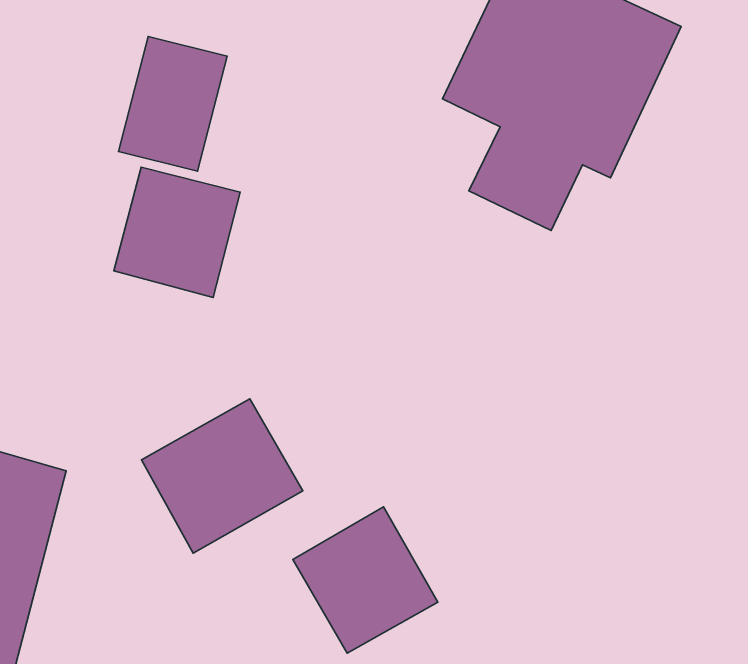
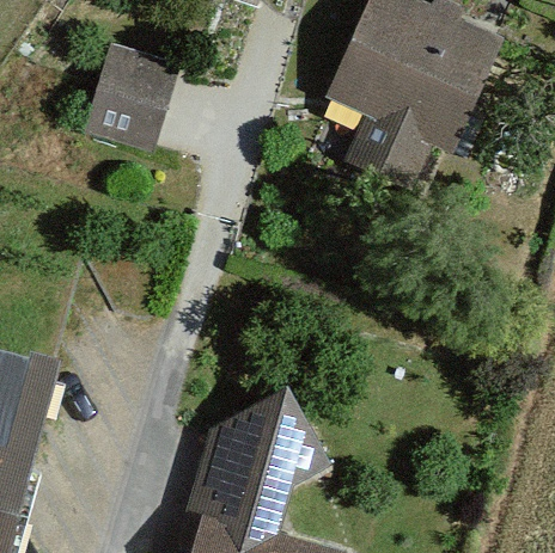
building: [114,167,240,297] -> none
building: [142,399,303,553] -> none

